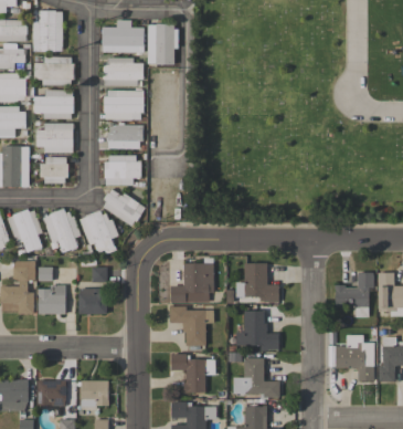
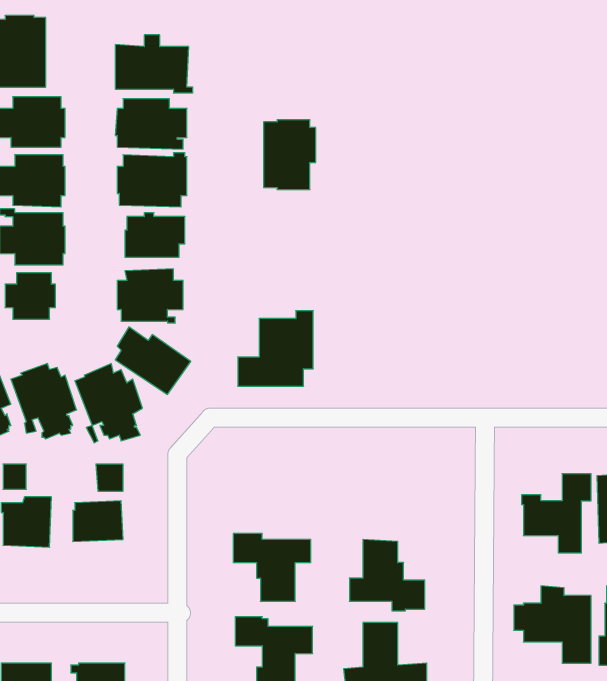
building: [148,24,178,64] -> [264,120,316,190]
building: [171,259,214,302] -> [238,311,313,386]
building: [236,262,279,302] -> none

